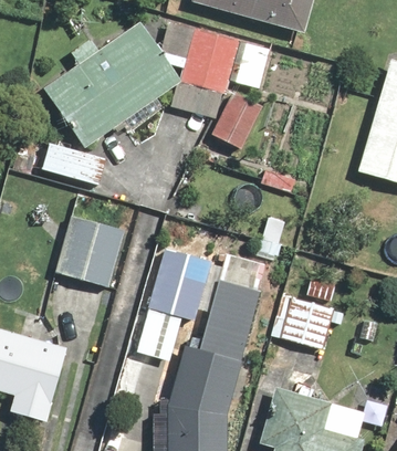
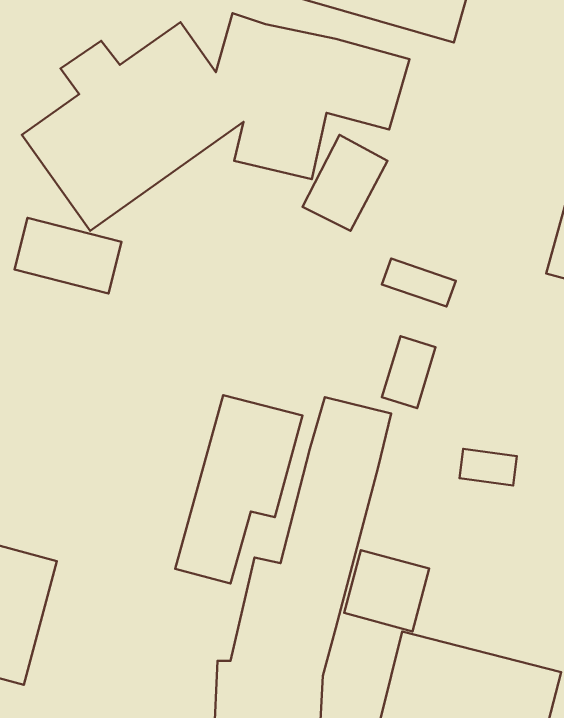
building: [58,213,125,287] -> none
building: [282,298,333,347] -> [344,550,429,631]

